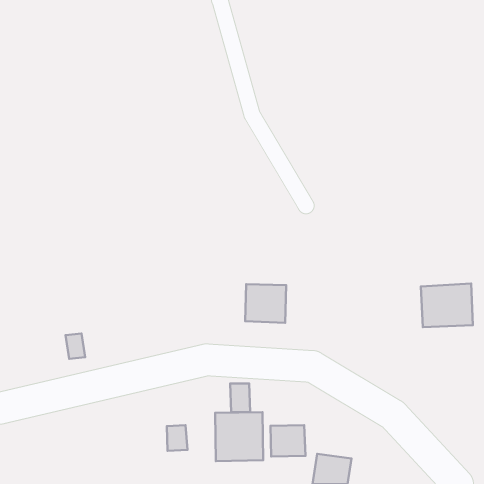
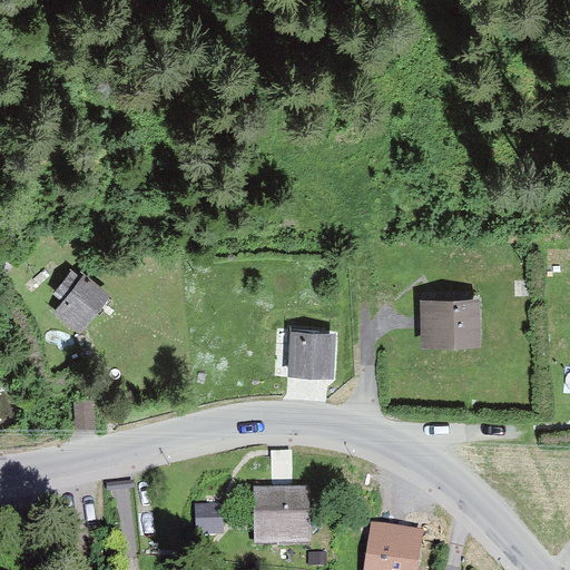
building: none -> [48,272,101,334]
building: [421,284,473,327] -> [420,298,481,350]
building: [271,425,306,456] -> none

